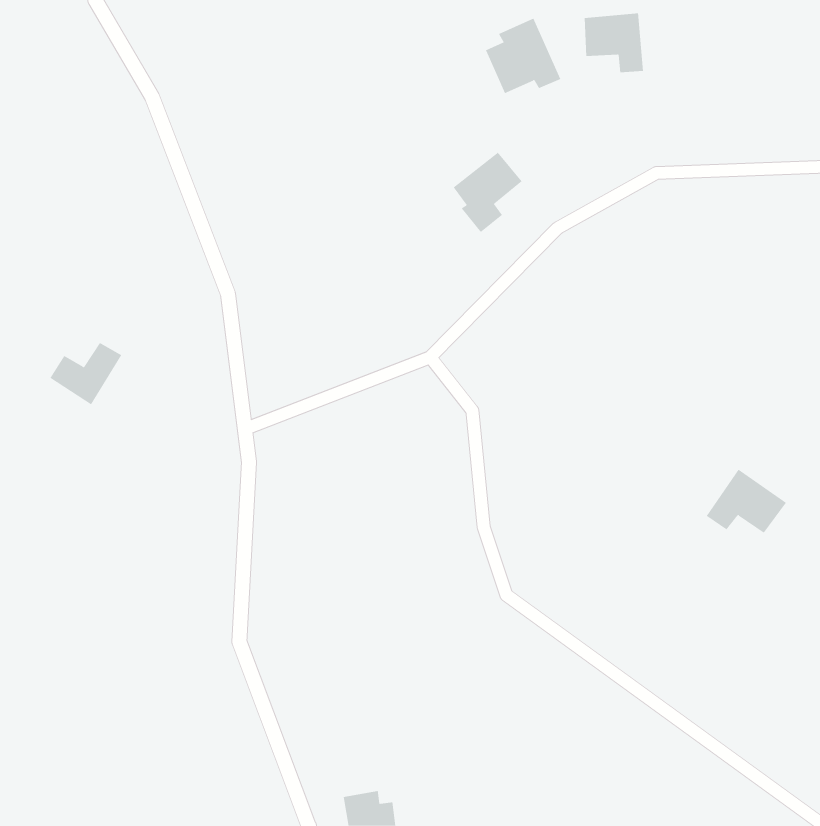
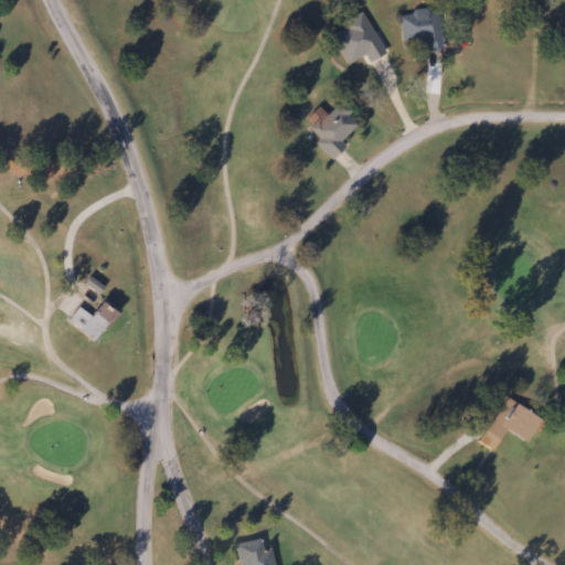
building: [49,342,122,405] -> [70,298,119,341]
building: [706,469,787,534] -> [486,397,541,441]

